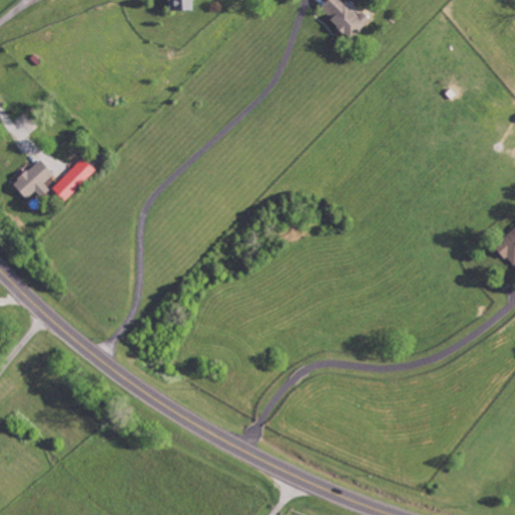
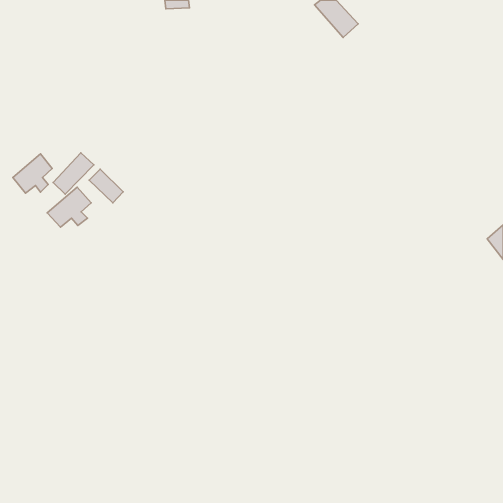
building: none -> [89,169,123,203]
building: none -> [47,187,91,227]

